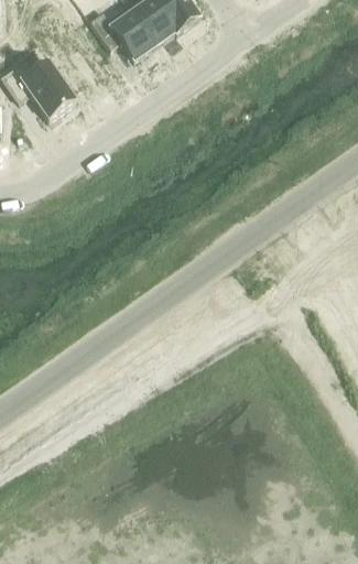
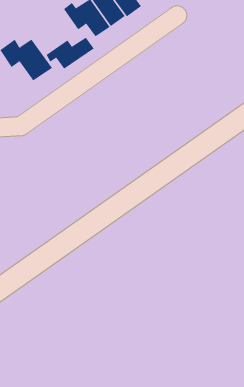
building: none -> [46,37,94,70]

